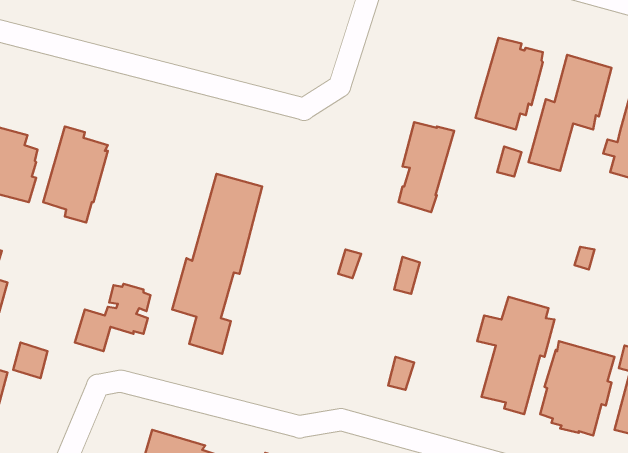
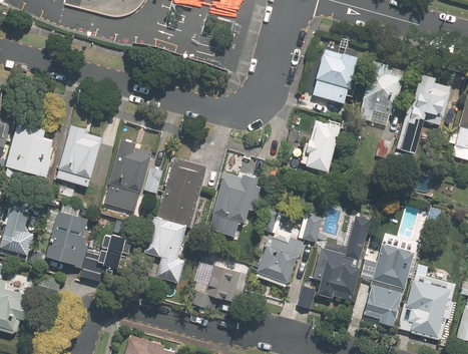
building: none -> [311,49,356,102]
building: none -> [103,139,159,212]
building: none -> [210,172,262,238]
building: none -> [43,209,85,268]
building: none -> [311,216,369,300]
building: none -> [253,235,303,289]
building: none -> [191,259,243,309]

